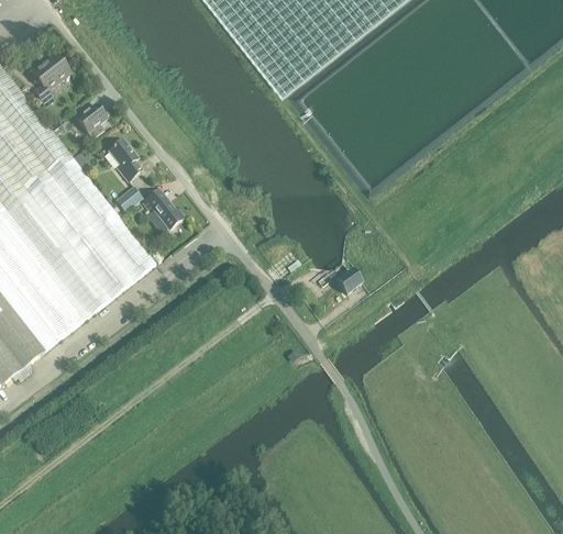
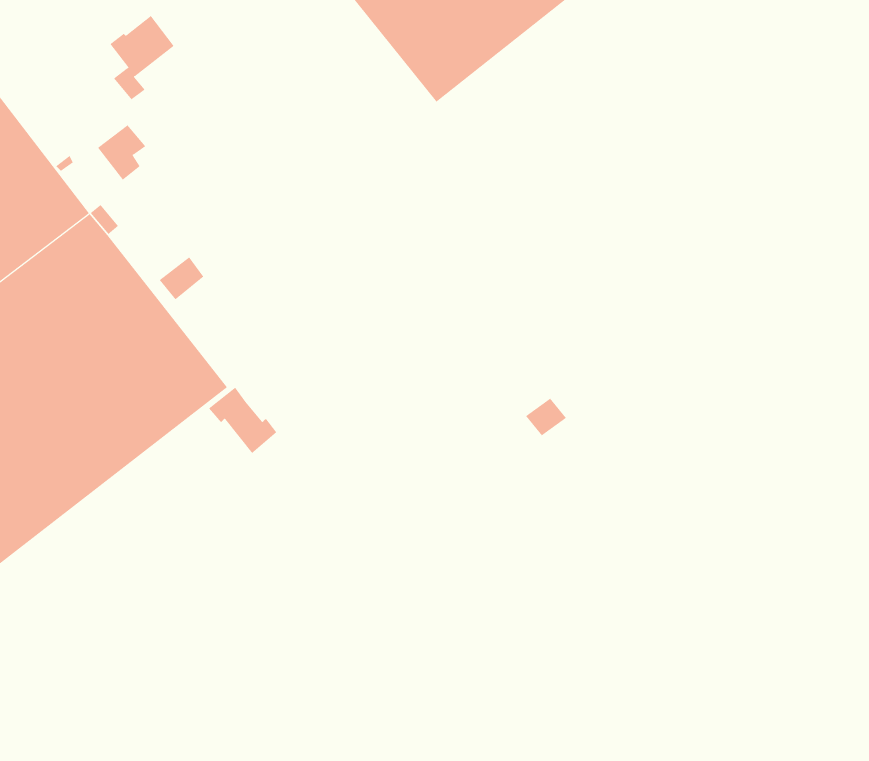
building: [30,55,69,107] -> [109,15,175,100]
building: [107,141,140,181] -> none
building: [141,190,183,231] -> [208,387,277,454]

